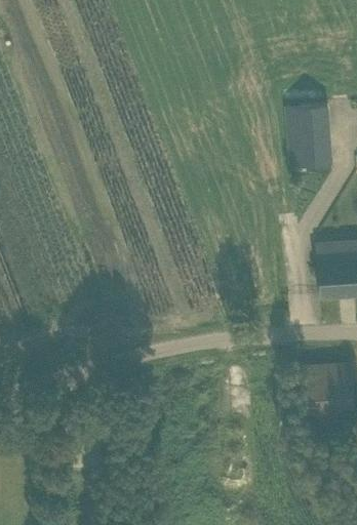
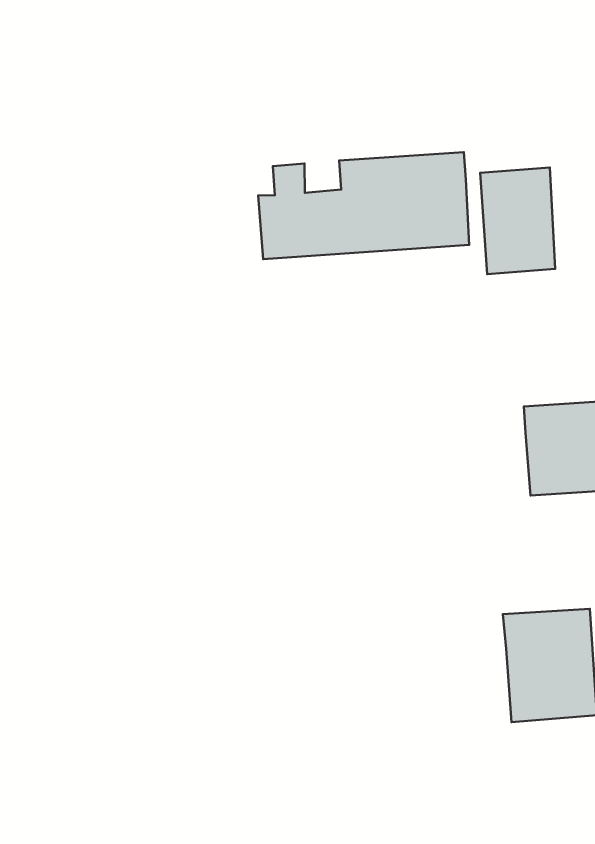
building: none -> [258,152,469,259]

